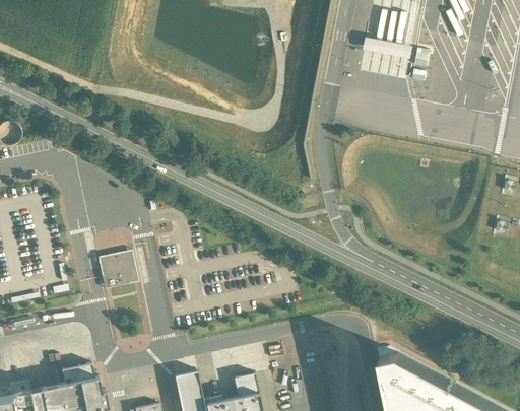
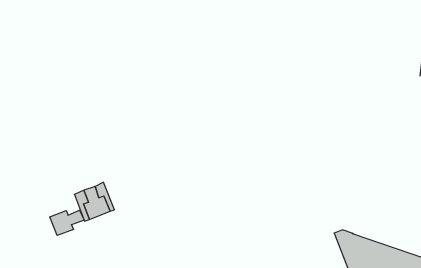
building: none -> [50,210,84,235]

